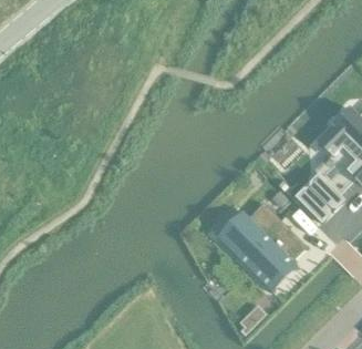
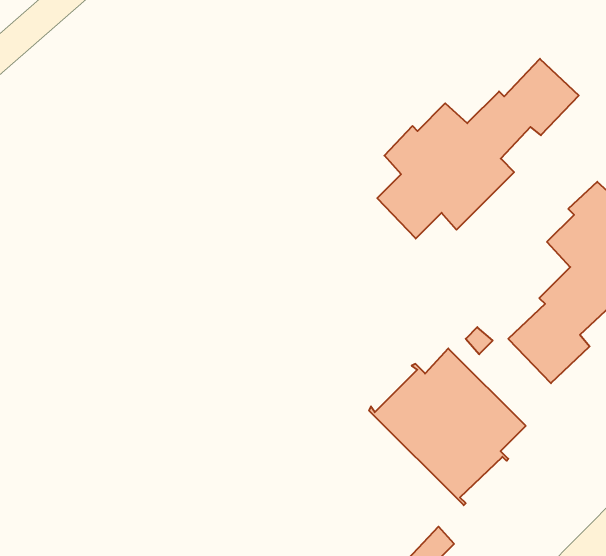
building: none -> [377,59,579,239]

